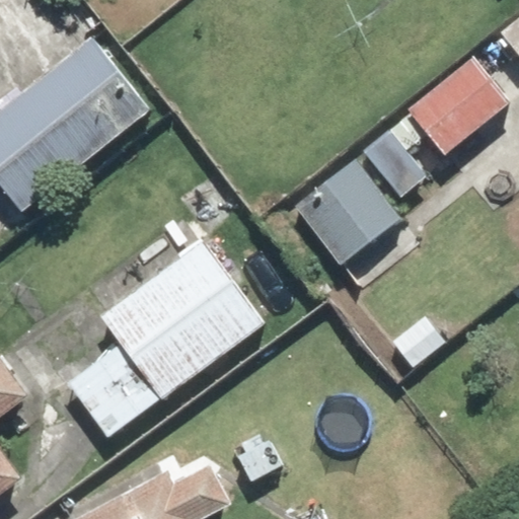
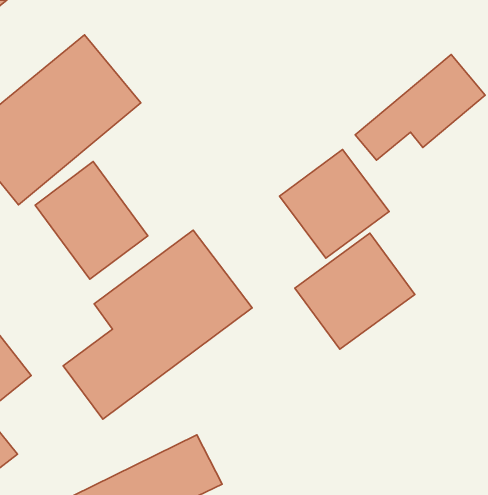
building: none -> [35,162,148,279]
building: none -> [295,233,415,349]

